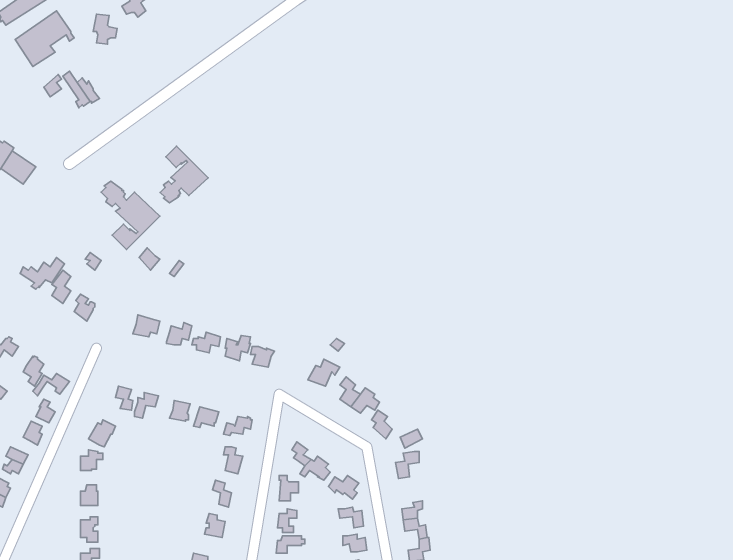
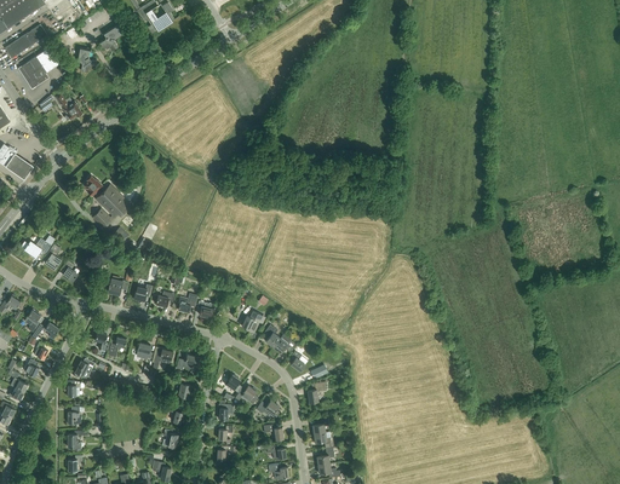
building: [160,146,208,203] -> none

